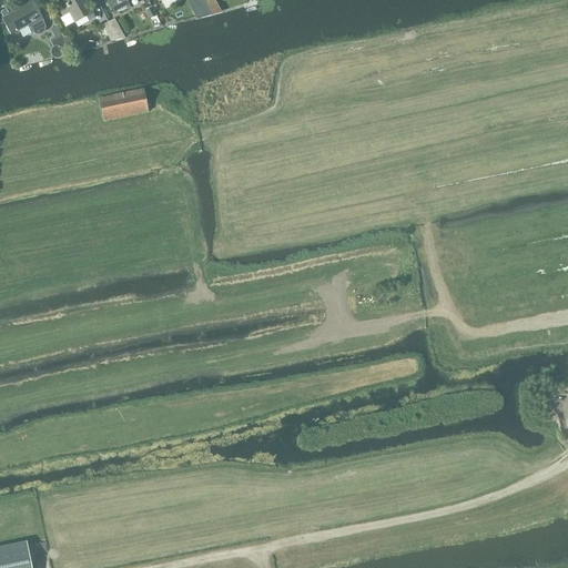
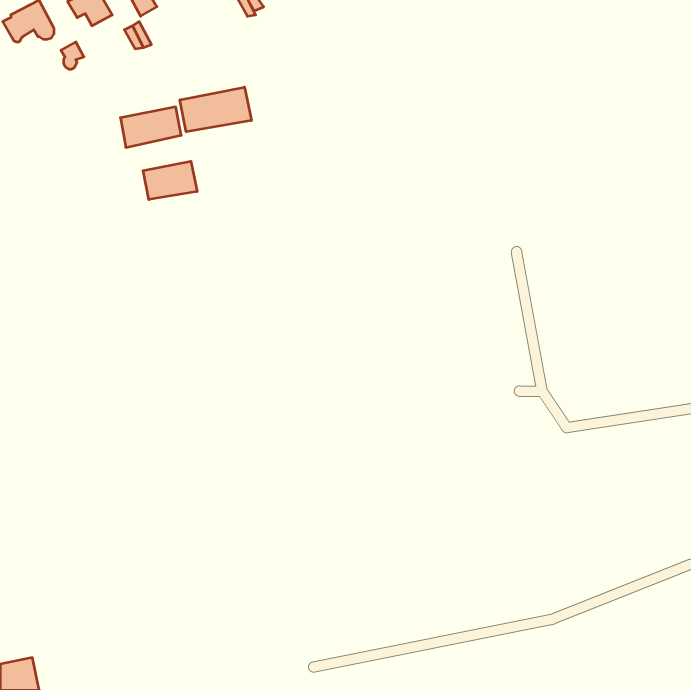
building: none -> [180,87,251,132]
building: none -> [143,161,197,200]

